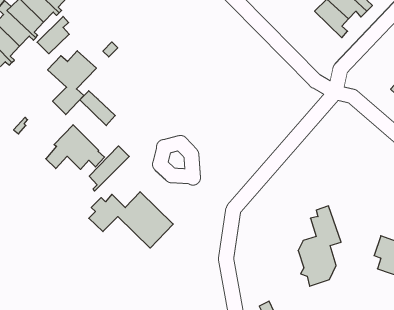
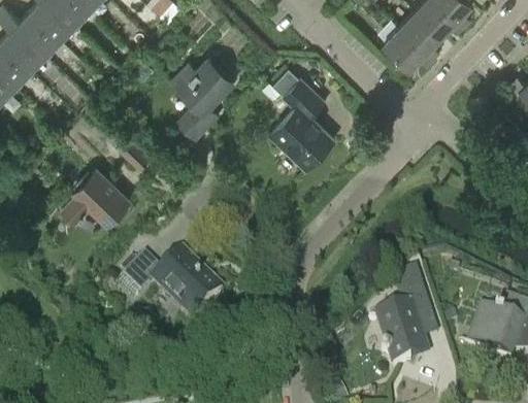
building: none -> [382,28,432,70]
building: [37,16,69,54] -> none
building: none -> [269,70,335,170]
building: [48,51,96,115] -> [172,60,233,139]
building: [89,146,129,191] -> none

